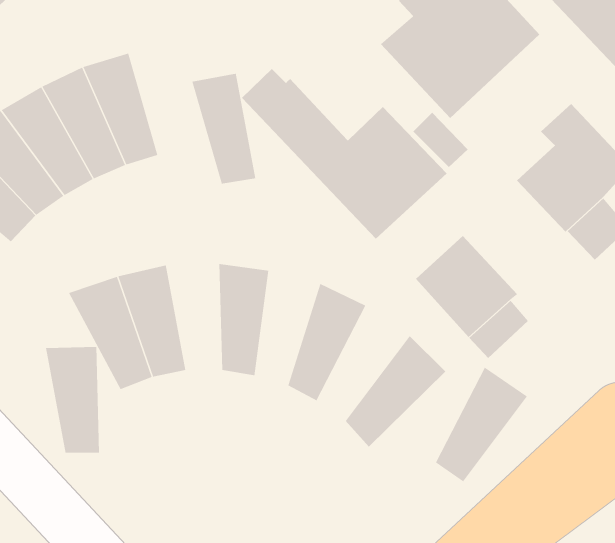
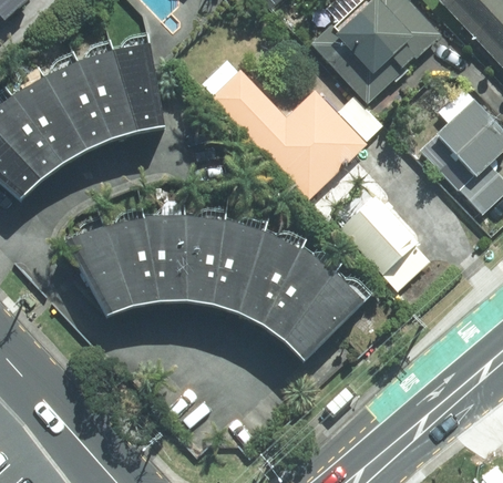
building: [192,73,256,184] -> [114,43,165,131]
building: none -> [214,222,265,312]
building: [45,346,100,453] -> [144,216,187,300]
building: [435,367,528,482] -> [263,249,336,340]

